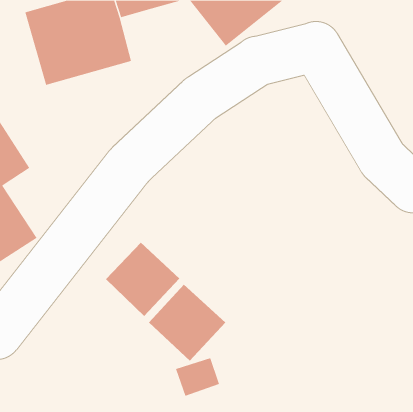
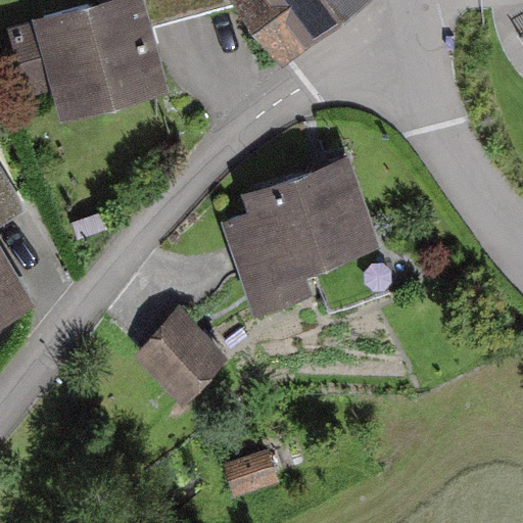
building: none -> [220,158,377,316]
building: [148,284,226,361] -> none

